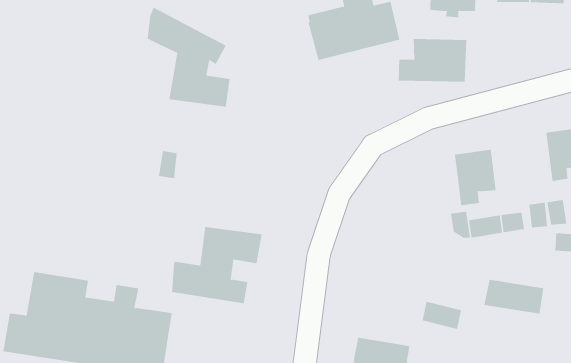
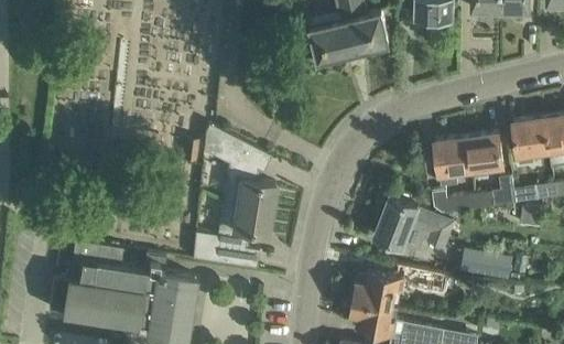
building: [147,7,230,107] -> [203,125,274,211]
building: [398,38,467,83] -> none
building: none -> [467,133,503,173]
building: none -> [375,197,453,252]
building: none -> [352,271,404,307]

